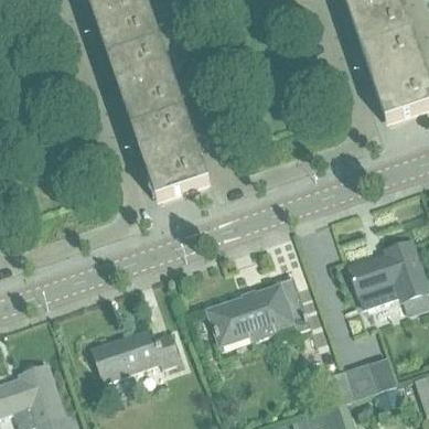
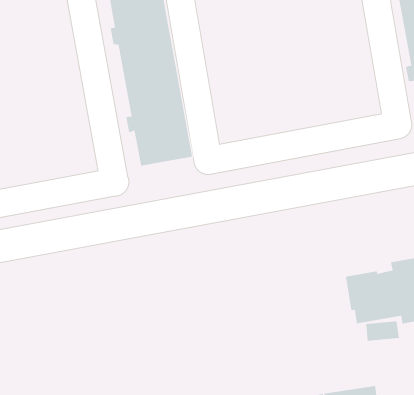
building: [208,278,311,344] -> none
building: [93,332,180,382] -> none

